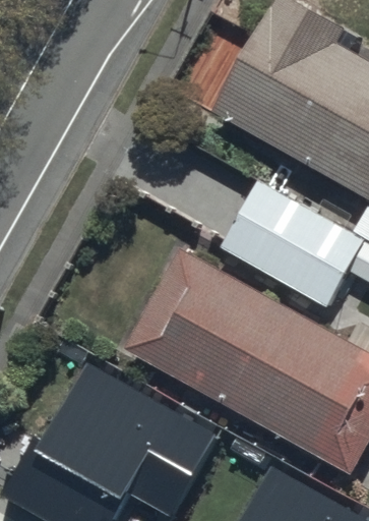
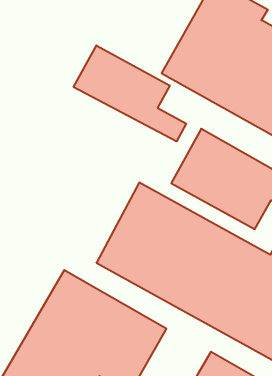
building: none -> [74,45,186,141]

